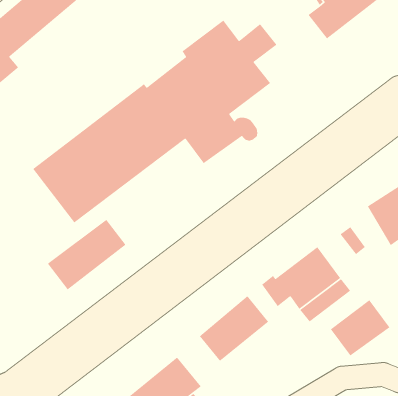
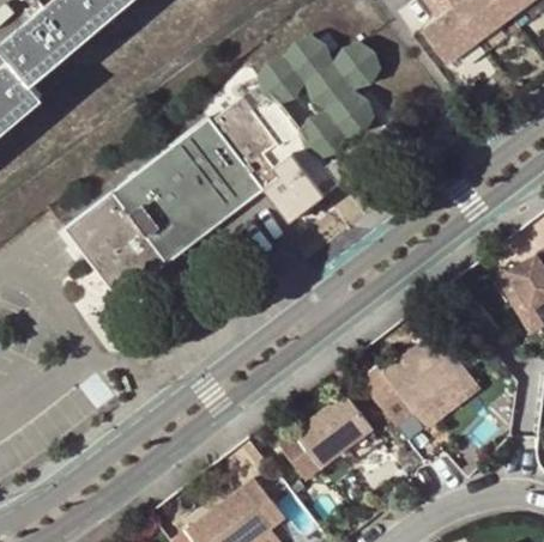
building: [47,219,126,290] -> none
building: [330,299,391,356] -> none

